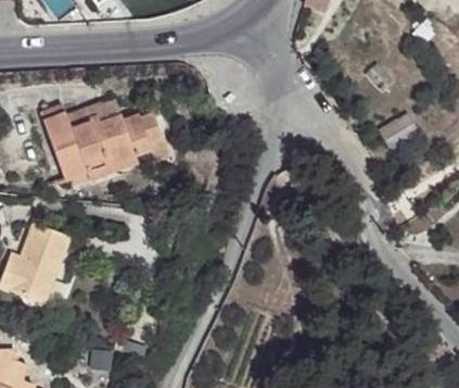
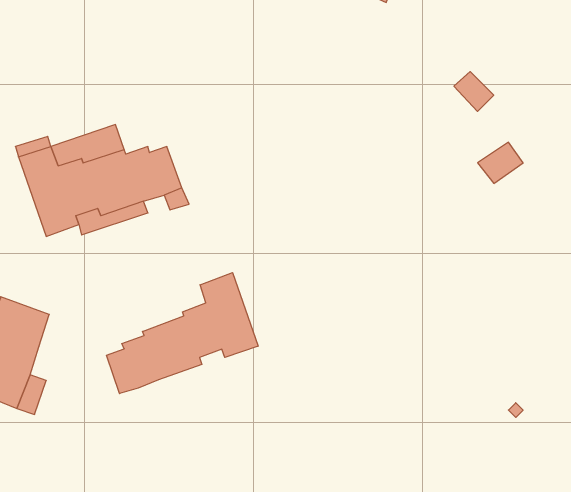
building: none -> [106,273,258,394]

